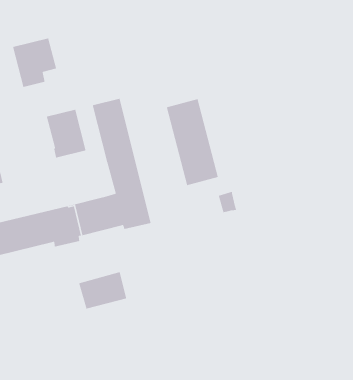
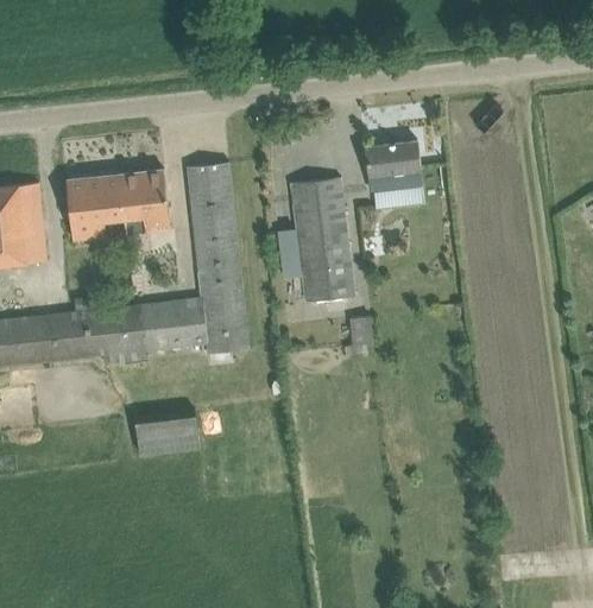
building: [12,37,57,88] -> [65,175,125,241]
building: none -> [365,141,422,192]
building: none -> [276,229,301,279]

